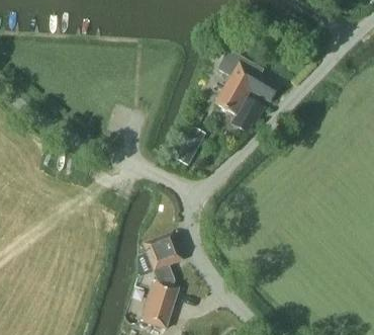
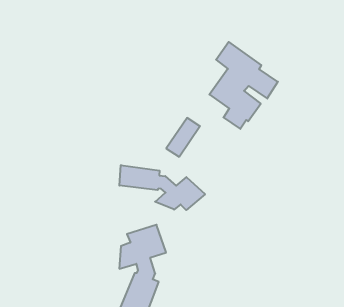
building: none -> [119,165,205,210]

